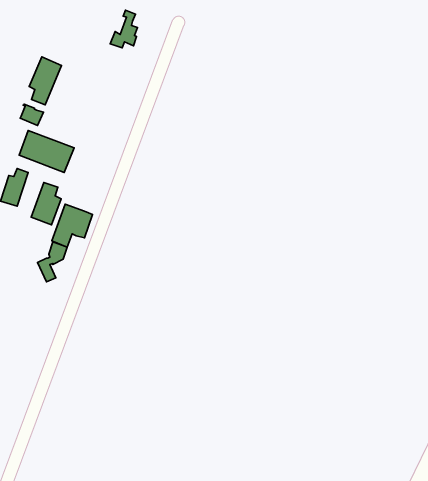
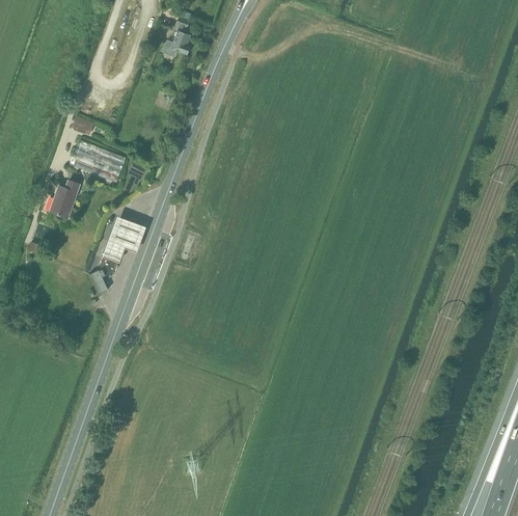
building: [29,57,62,105] -> none
building: [31,183,61,225] -> none

